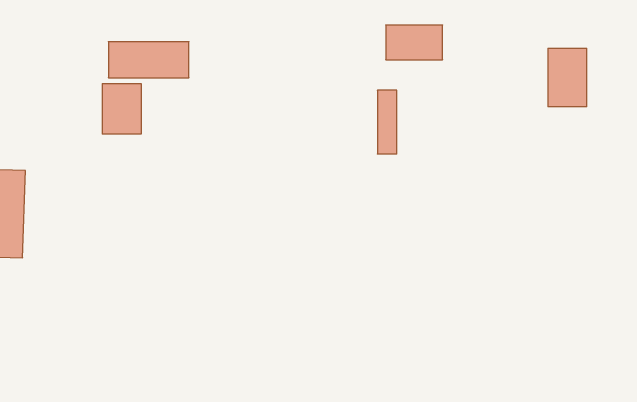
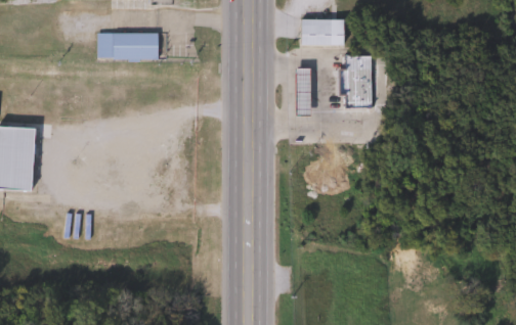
building: [548,48,587,107] -> [343,66,372,109]
building: [102,84,141,134] -> none

